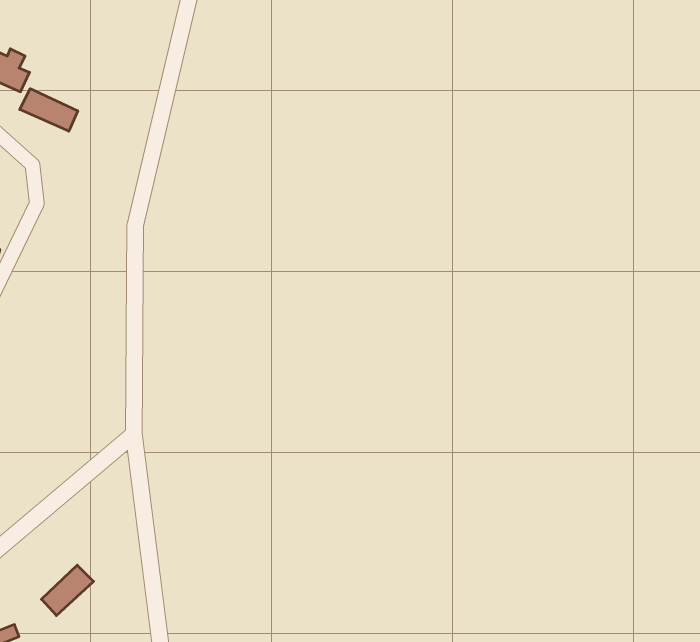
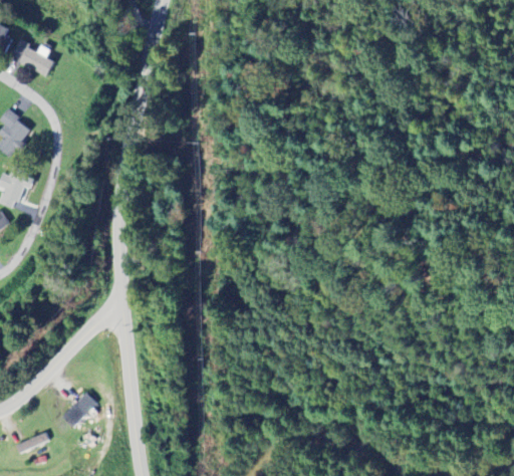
building: [20,89,78,131] -> none

